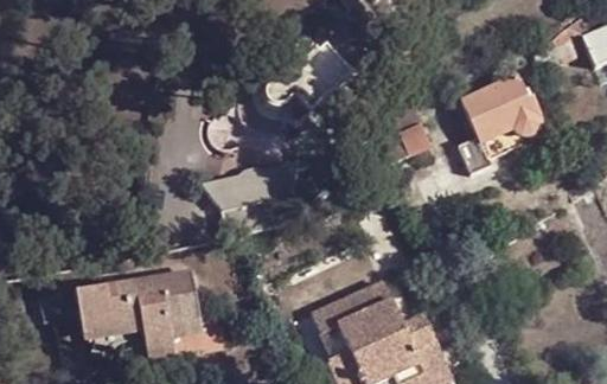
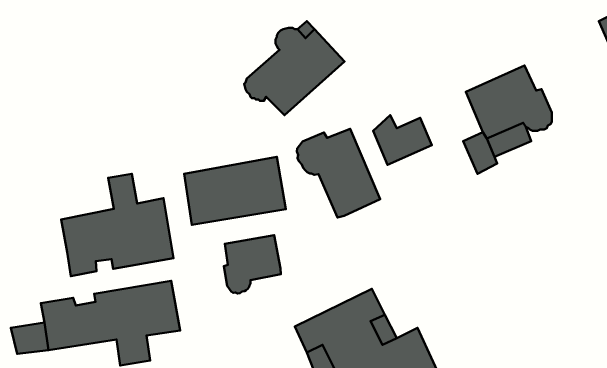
building: none -> [297,129,380,217]
building: none -> [61,174,174,276]
building: none -> [224,235,281,293]

